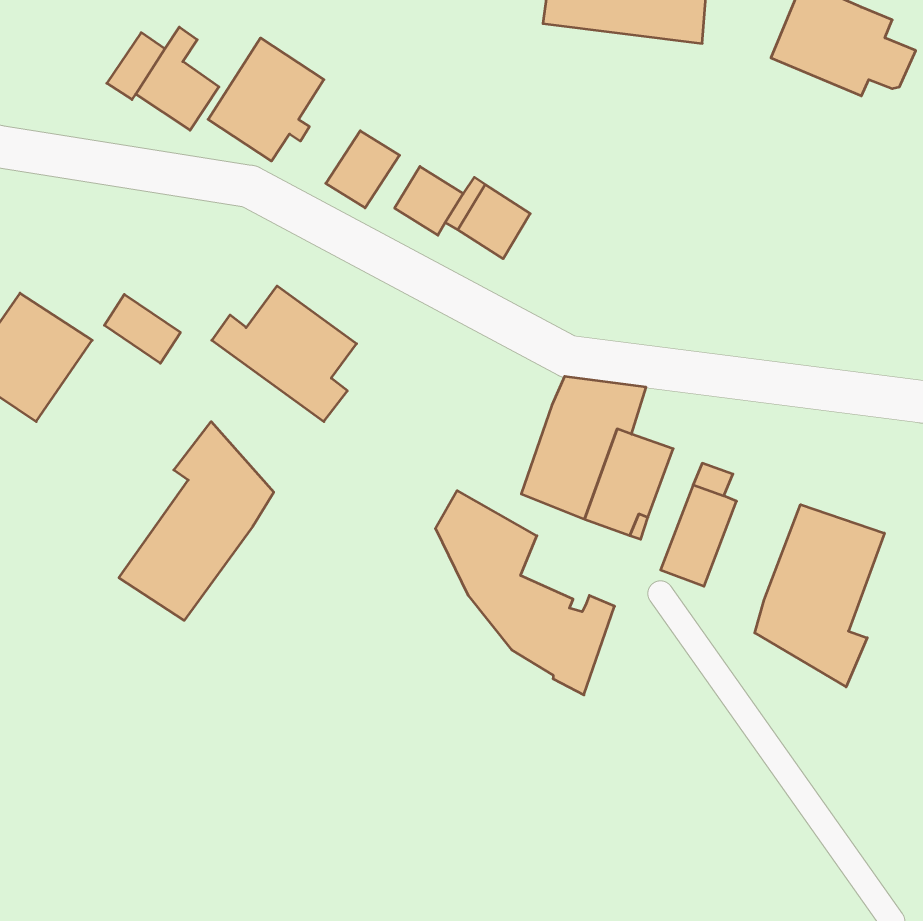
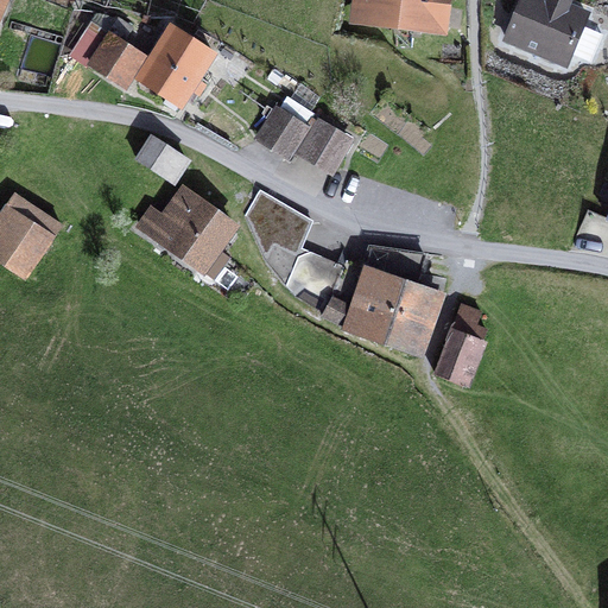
building: [326,131,400,208] -> none
building: [104,294,180,363] -> [137,137,186,182]
building: [119,422,274,620] -> none
building: [435,491,615,695] -> [245,190,362,324]
building: [755,505,884,687] -> none

